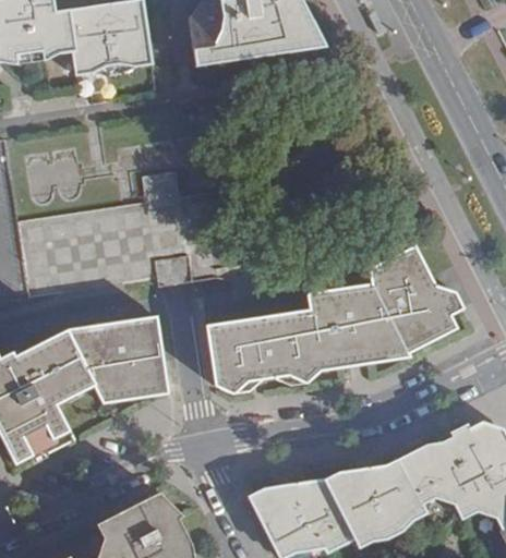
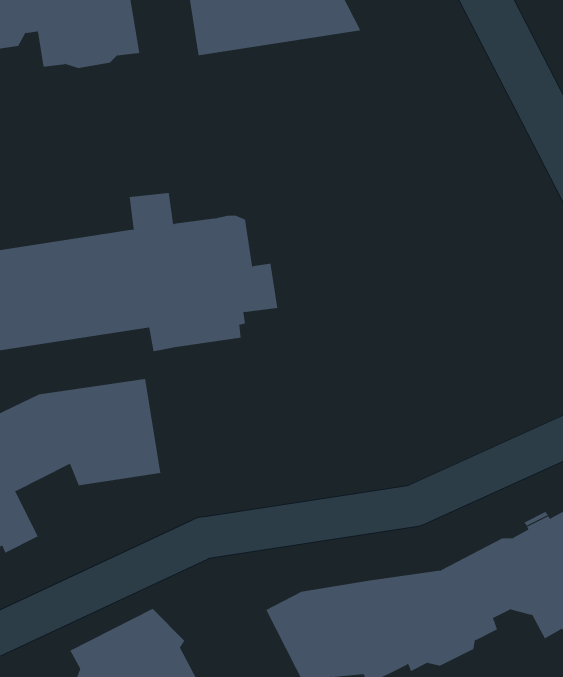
building: [208,245,463,391] -> none

